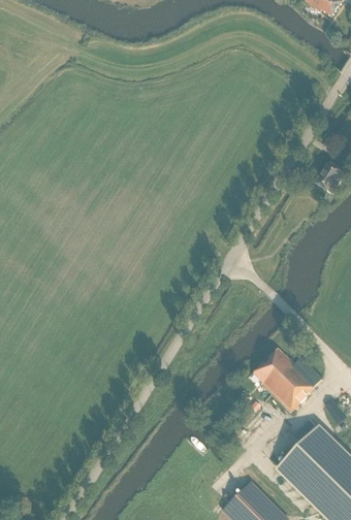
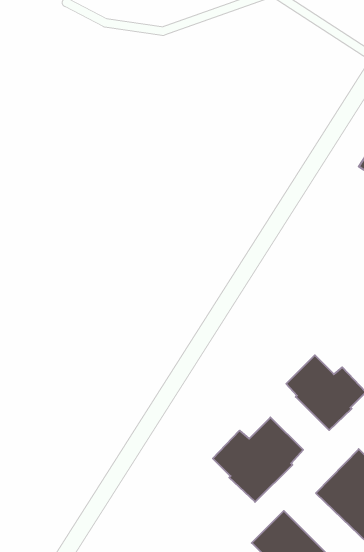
building: none -> [213,417,303,502]

